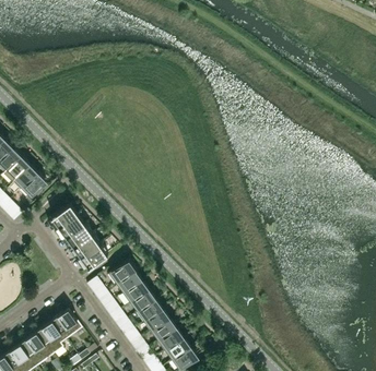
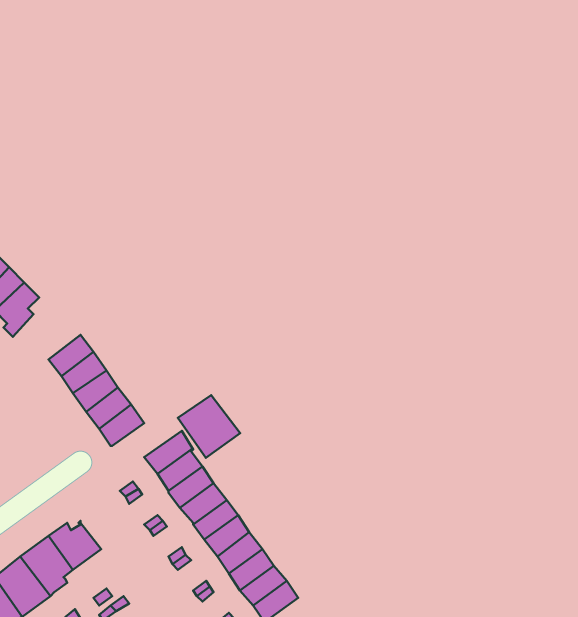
building: none -> [178,395,240,458]

